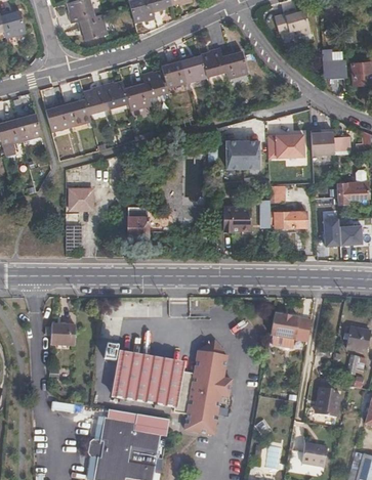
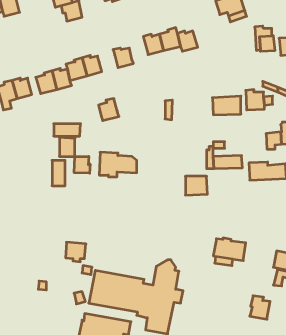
building: [162,60,188,89] -> none
building: [126,84,152,112] -> [99,99,119,121]
building: [225,139,258,166] -> none
building: [222,206,250,229] -> [185,176,207,195]
building: none -> [74,156,90,173]
building: [51,323,77,348] -> [66,242,86,262]

